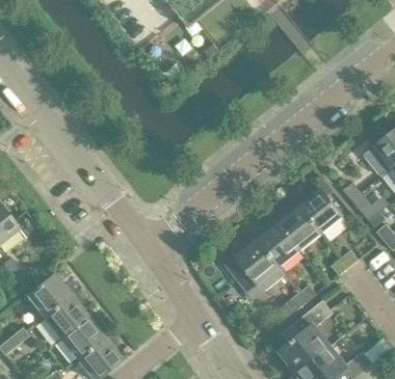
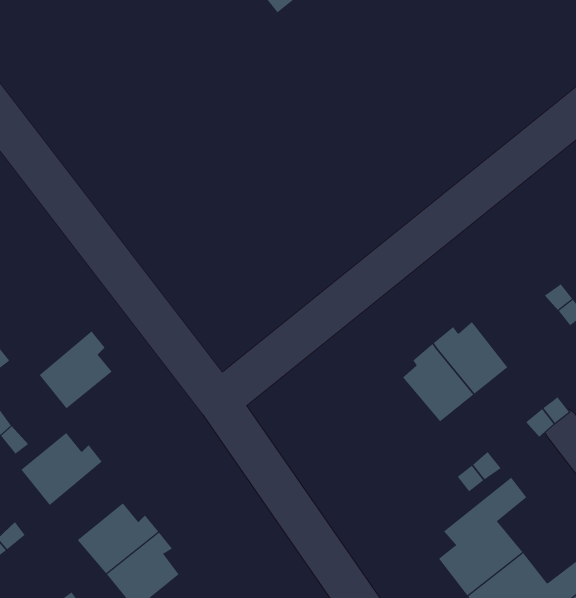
building: [299,186,343,235] -> none
building: [225,241,285,294] -> none
building: [43,292,87,340] -> [39,331,112,409]

